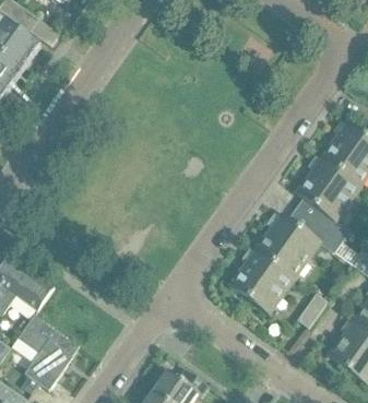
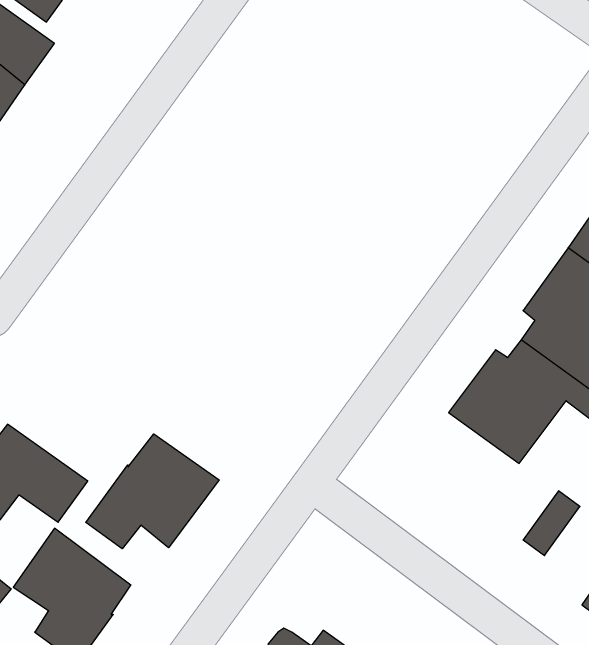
building: [228,249,293,313] -> none
building: none -> [86,434,219,549]

